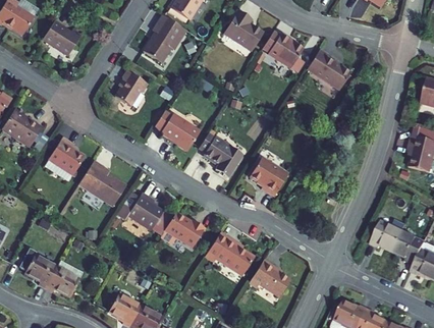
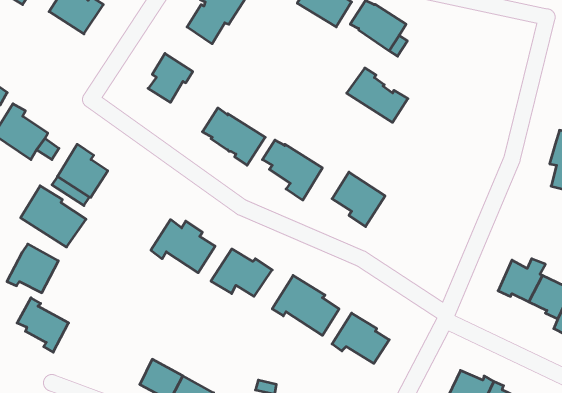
building: [306,50,350,90] -> [347,68,408,122]
building: [78,161,126,206] -> [21,186,86,247]
building: [45,261,83,296] -> [7,244,58,293]

